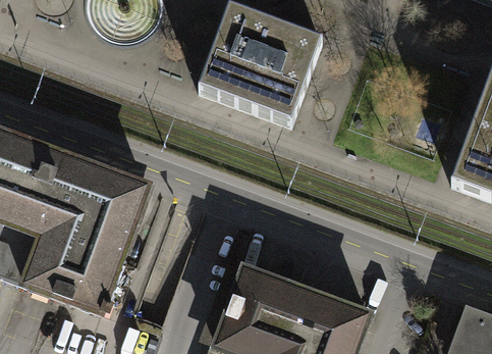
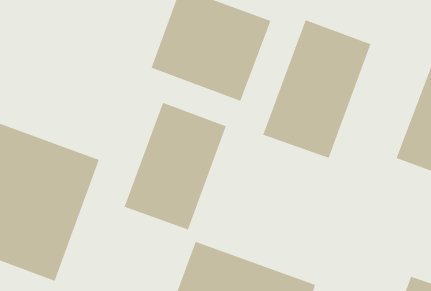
building: none -> [262,19,371,159]
building: none -> [124,102,227,230]

